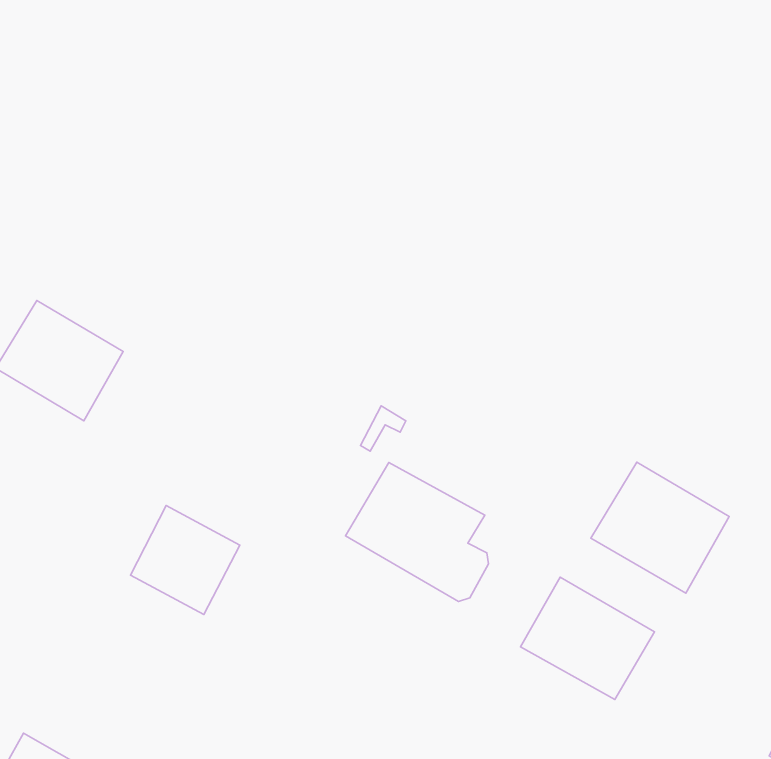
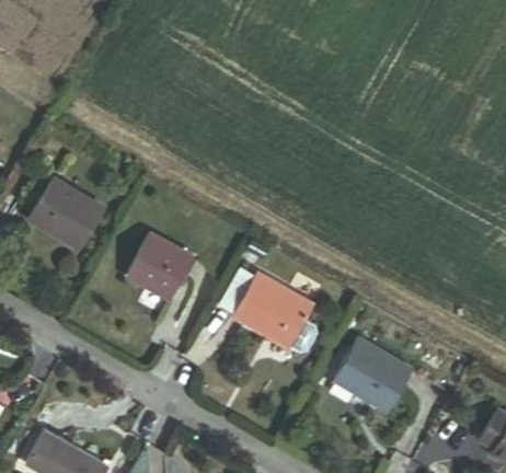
building: [591,462,729,593] -> none
building: [131,506,240,615] -> [127,233,191,297]

